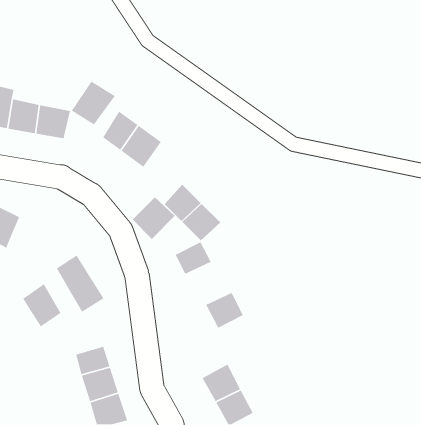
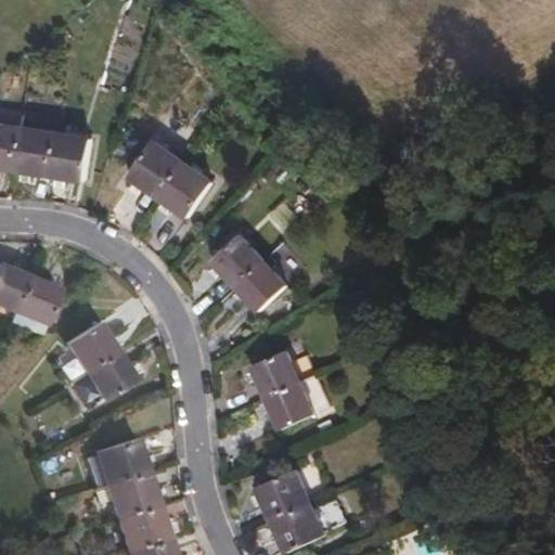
building: [71,81,116,126] -> none
building: [132,197,176,240] -> none
building: none -> [13,279,57,323]
building: [175,241,212,275] -> [250,348,298,391]
building: [22,283,62,328] -> none

